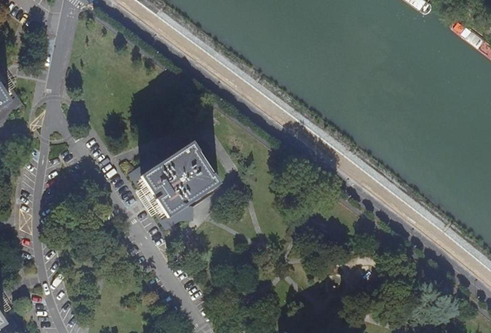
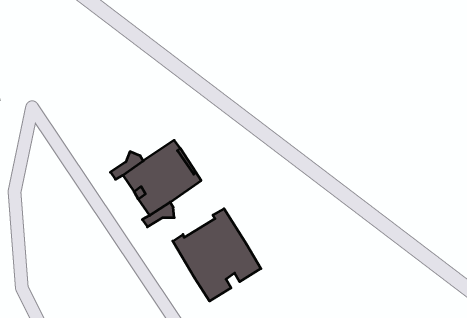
building: none -> [173,209,261,301]

